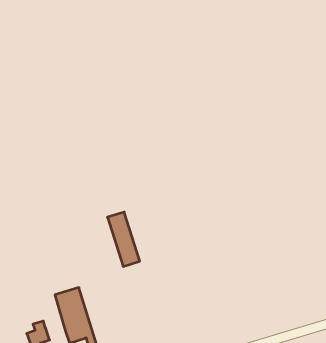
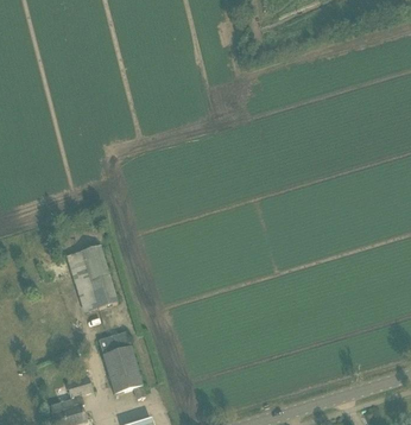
building: [107,212,140,266] -> [80,246,116,307]

